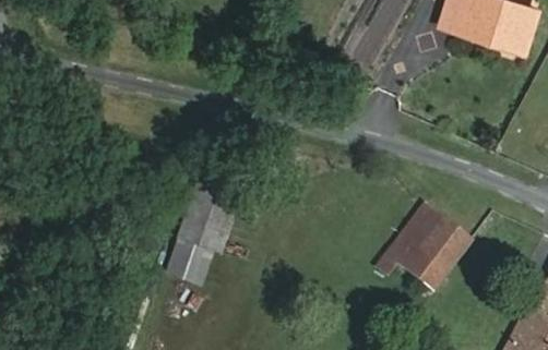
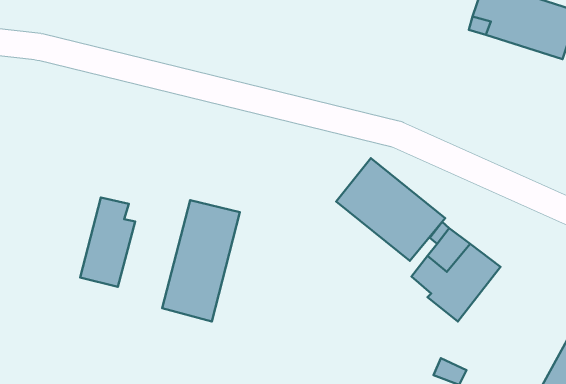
building: none -> [336,158,445,261]
building: none -> [80,197,135,287]

